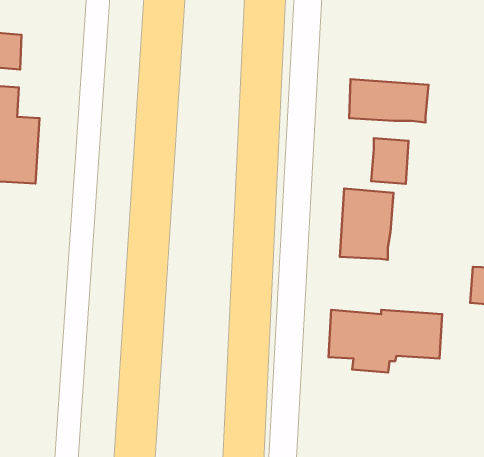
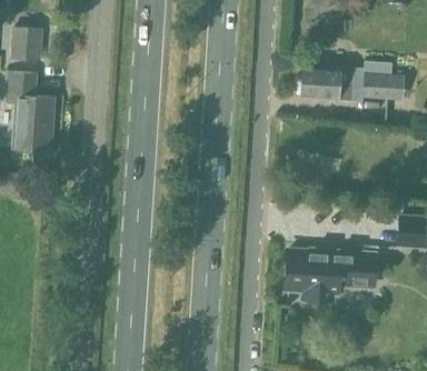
building: [371,138,409,184] -> [364,62,394,99]
building: [340,189,394,260] -> none

